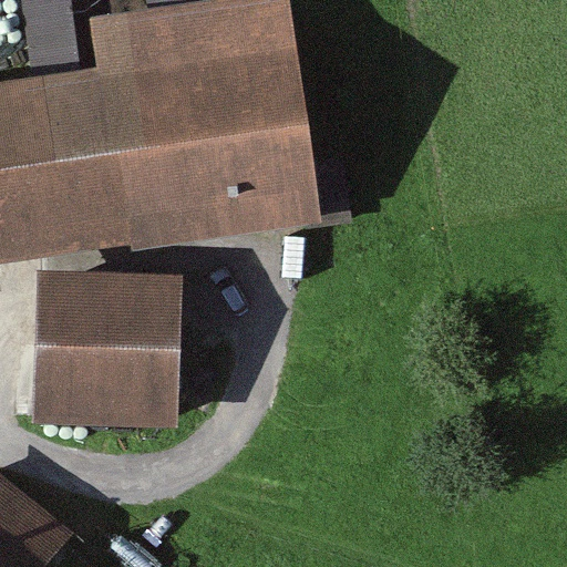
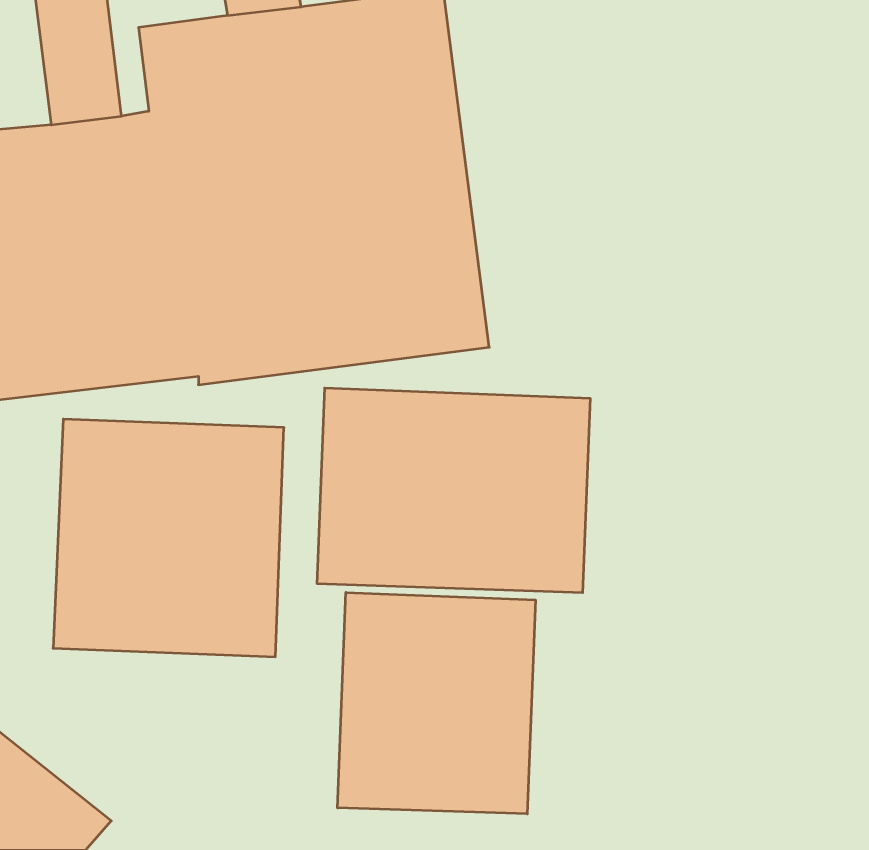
building: none -> [317,388,590,593]
building: none -> [338,592,535,814]

